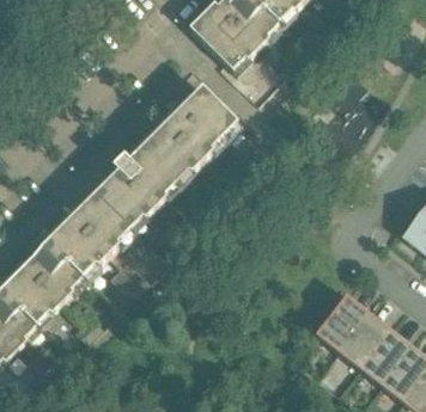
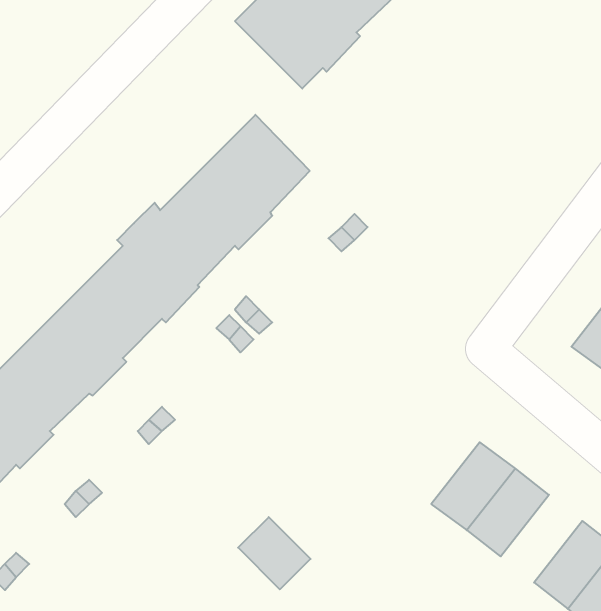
building: [359,328,412,385] -> none
building: none -> [238,517,311,589]

